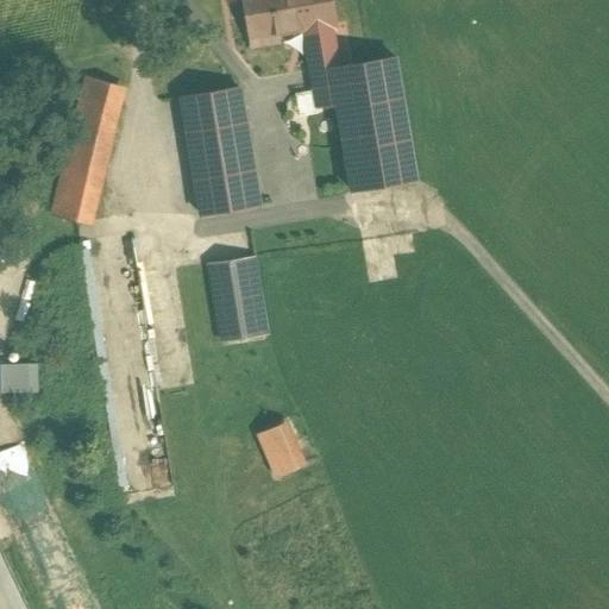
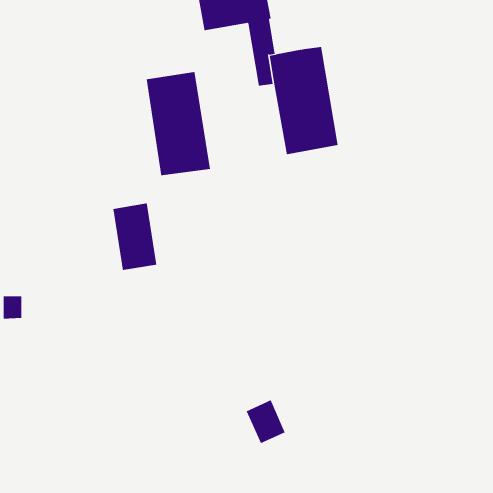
building: [54,75,113,220] -> none
building: [212,257,266,340] -> [113,203,157,271]
building: [258,423,307,478] -> [246,400,286,444]

